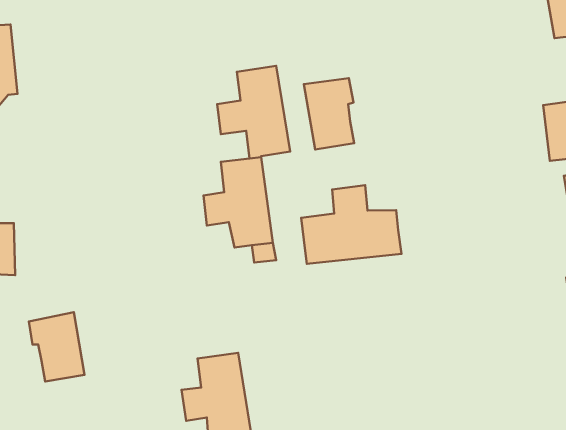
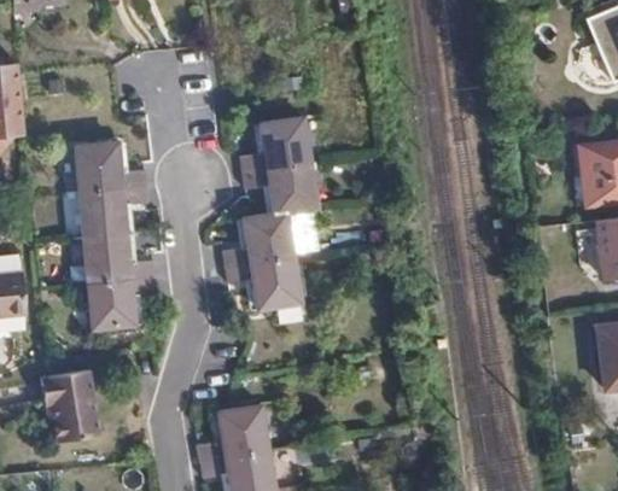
building: [304,78,354,150] -> none
building: none -> [71,138,156,323]
building: [301,185,401,264] -> none

